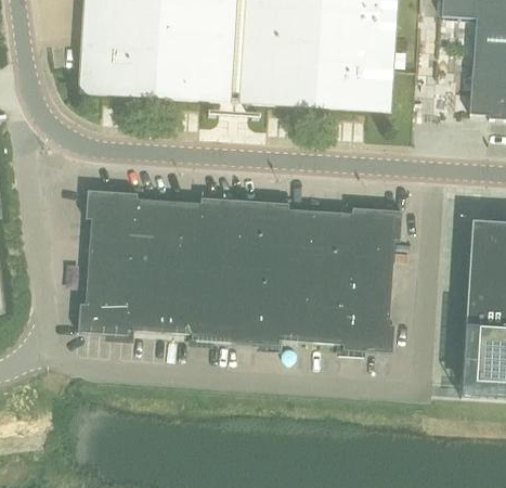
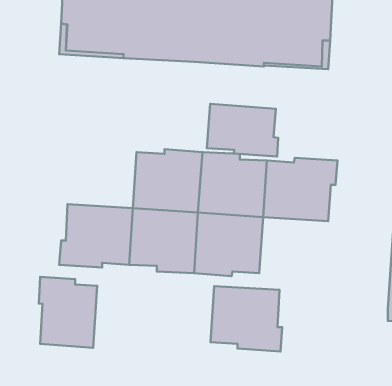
building: none -> [207,104,278,157]
building: [86,191,168,267] -> none
building: [311,278,394,354] -> [211,286,282,351]
building: none -> [39,277,97,348]

